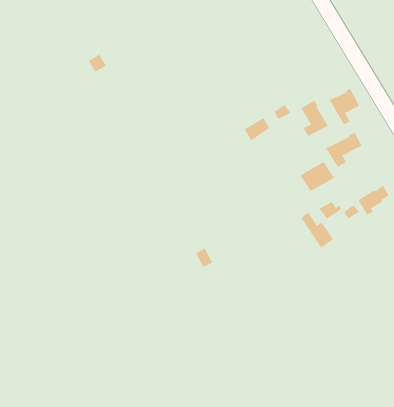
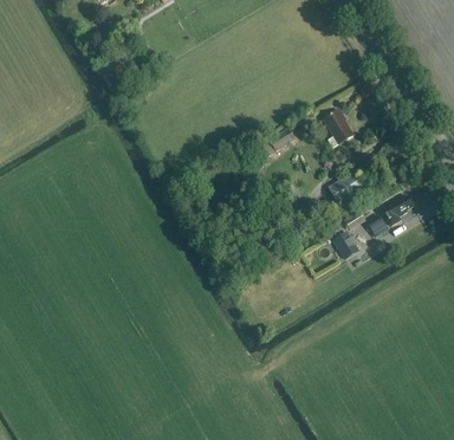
building: [329,88,360,125] -> none
building: [326,132,362,167] -> none

